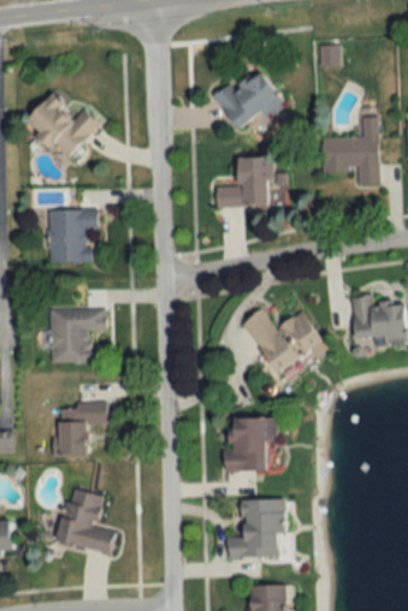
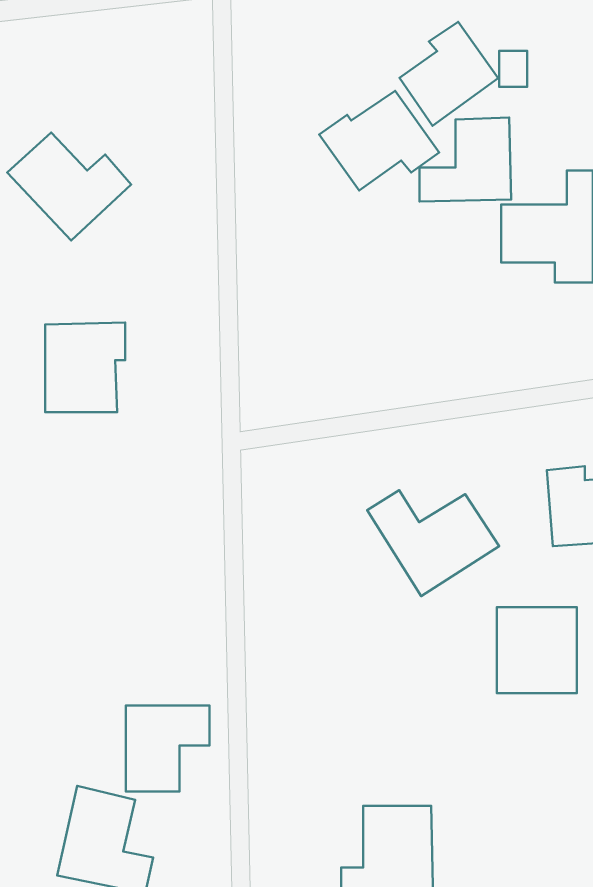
building: none -> [399,22,498,126]
building: [217,156,272,207] -> [419,118,511,201]
building: [51,309,106,362] -> none
building: [58,403,108,455] -> [126,706,210,792]
building: [226,417,274,469] -> [497,607,577,693]

